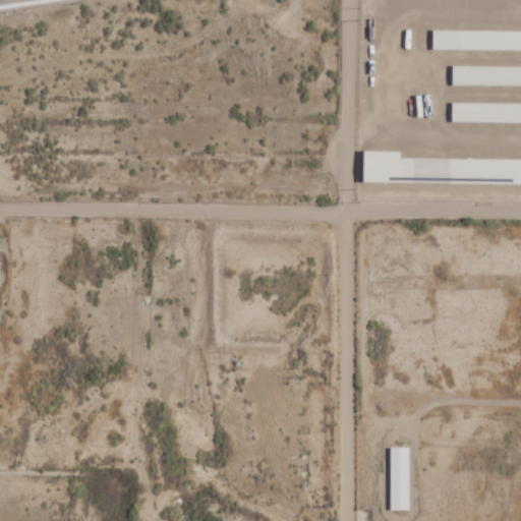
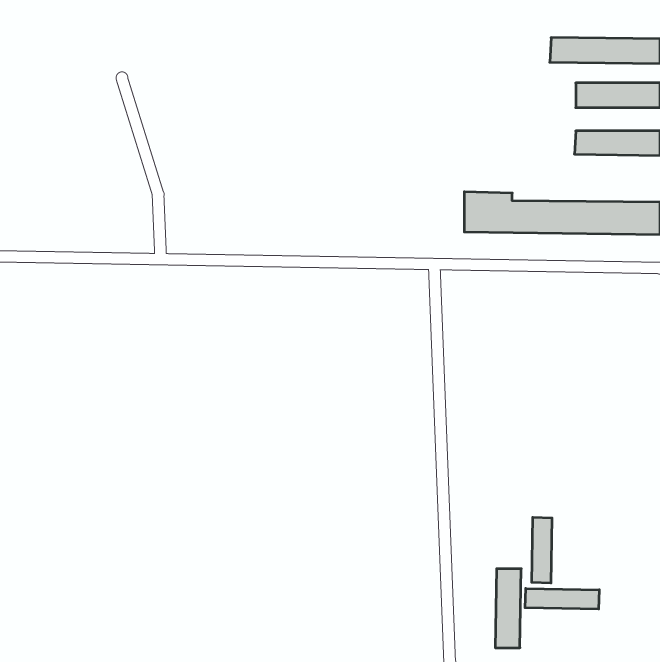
building: none -> [532,517,552,583]
building: none -> [525,588,599,609]

